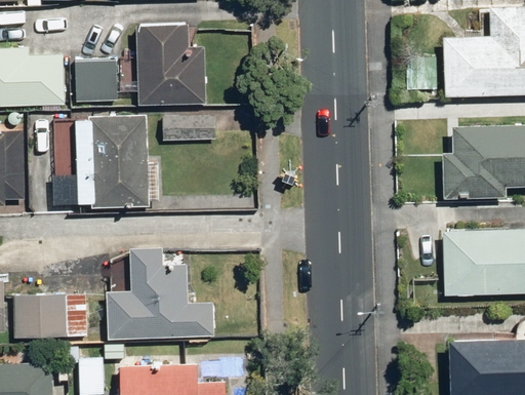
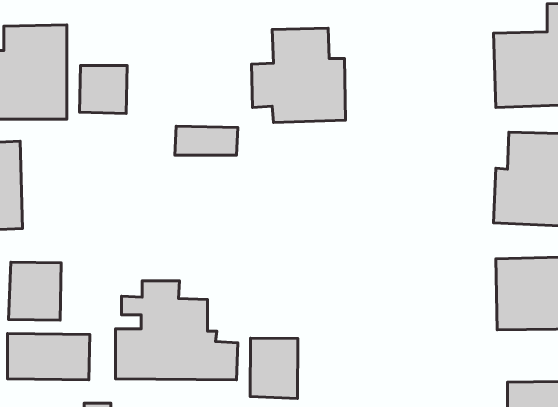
building: [121,22,204,105] -> [251,28,346,123]
building: [77,116,148,204] -> none
building: none -> [9,262,61,320]
building: none -> [250,338,298,398]

